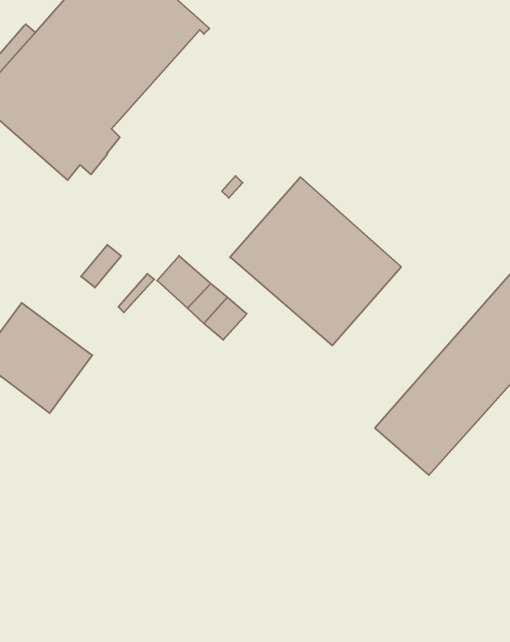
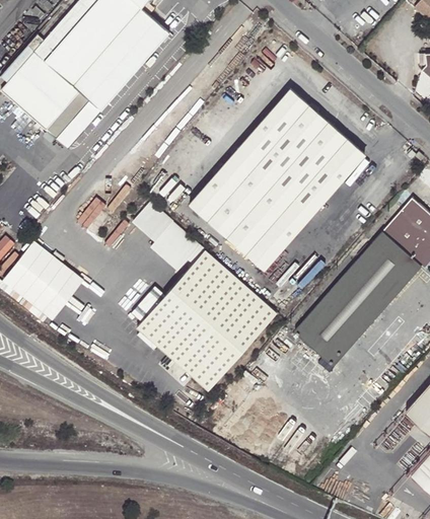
building: none -> [239,89,365,213]
building: none -> [137,252,276,391]

